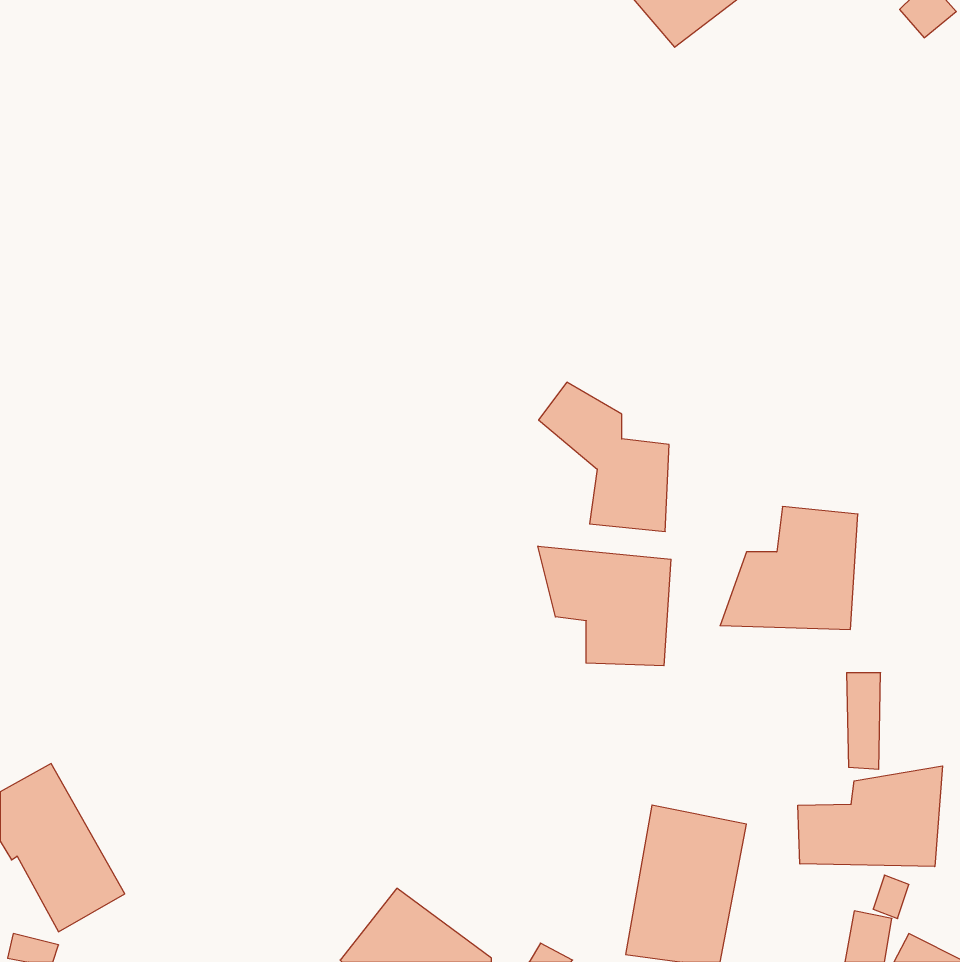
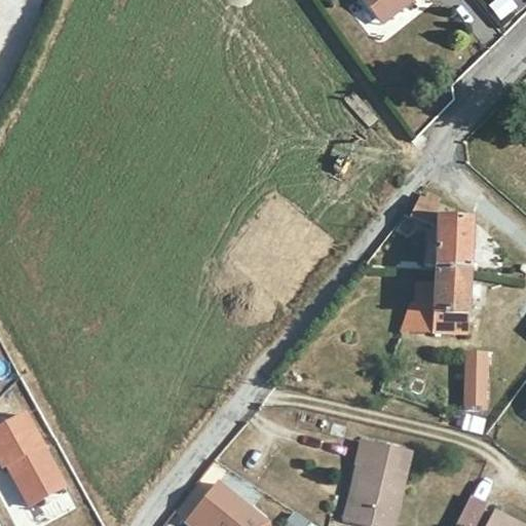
building: [539,382,669,531] -> [401,198,472,279]
building: [538,546,671,666] -> none
building: [798,766,942,867] -> none

